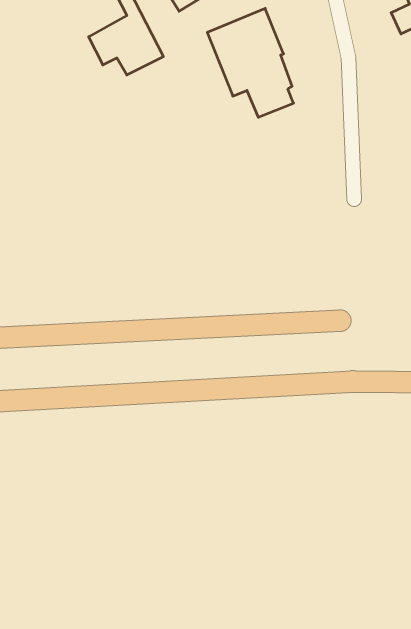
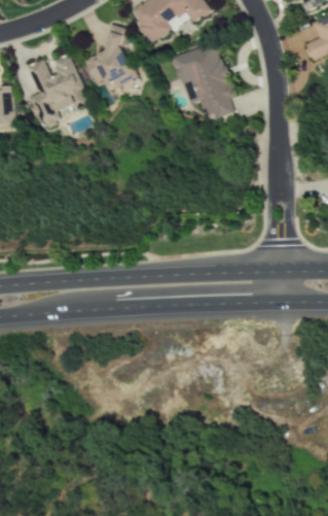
building: none -> [28,54,87,129]

